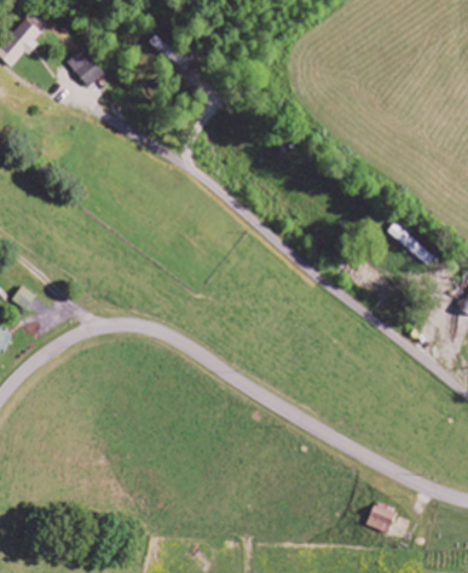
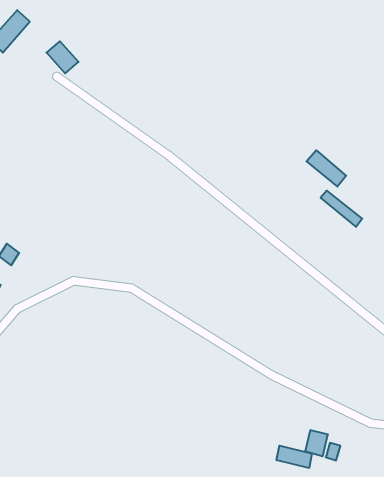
building: none -> [306,150,346,187]
building: none -> [277,446,312,468]

